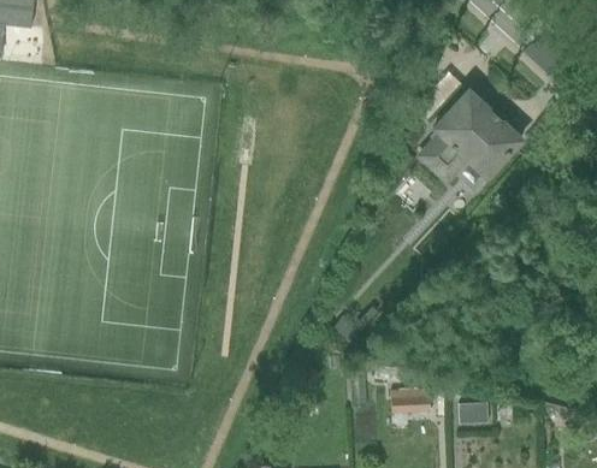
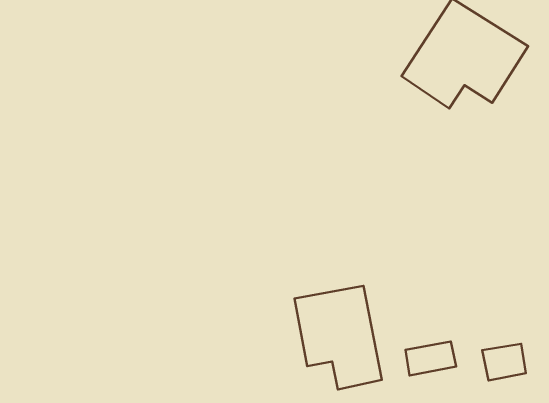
building: none -> [294,286,382,390]

